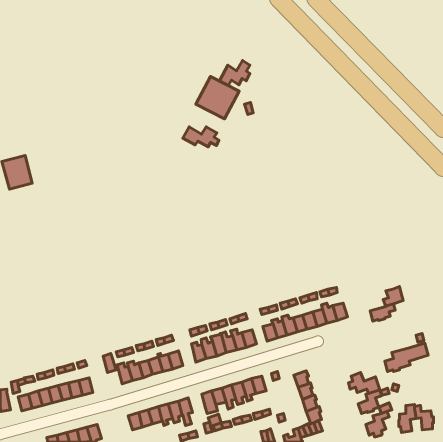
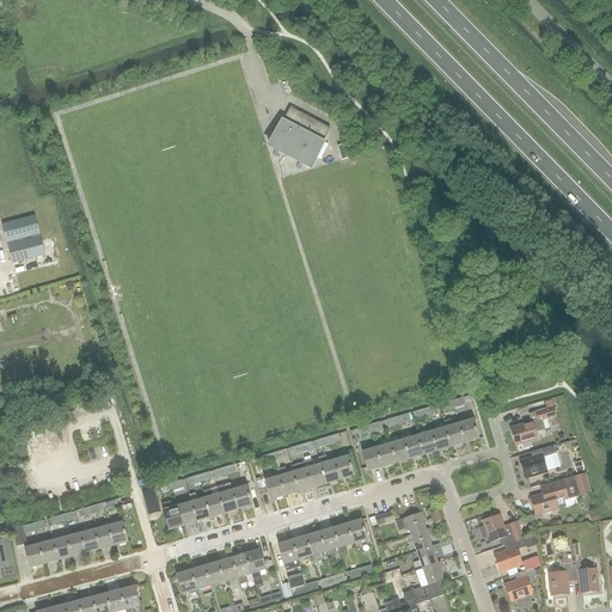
building: [219,60,250,86] -> none
building: [183,127,219,147] -> none
building: none -> [520,443,557,475]

